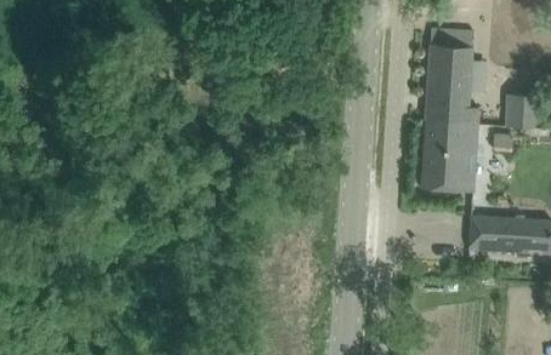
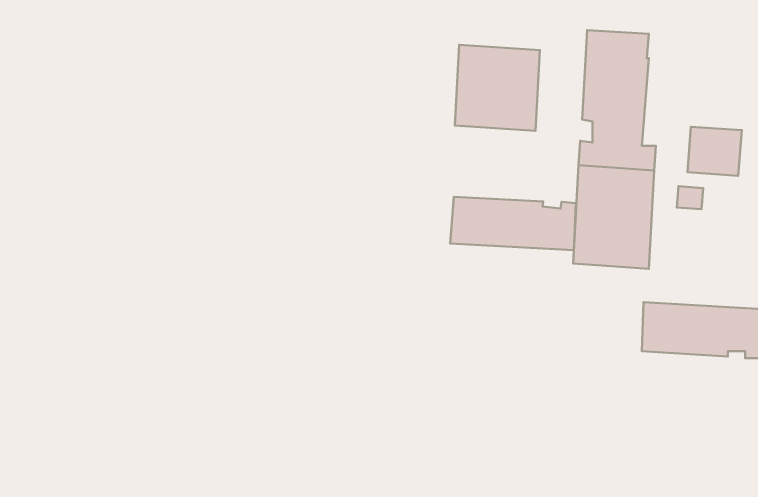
building: none -> [455,45,540,131]
building: none -> [450,197,576,250]

